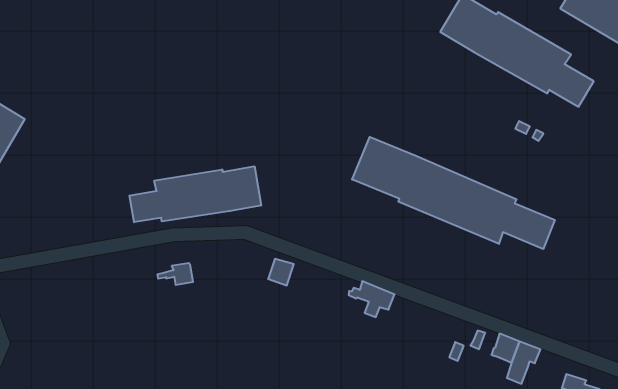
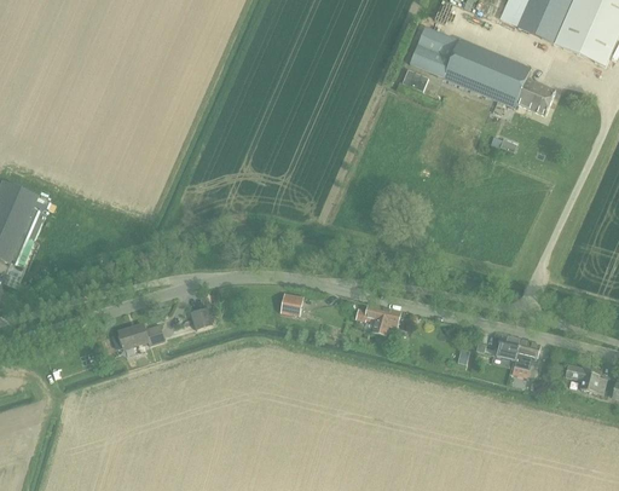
building: [352,137,555,249] -> none
building: [129,166,261,222] -> none
building: none -> [120,323,164,351]

